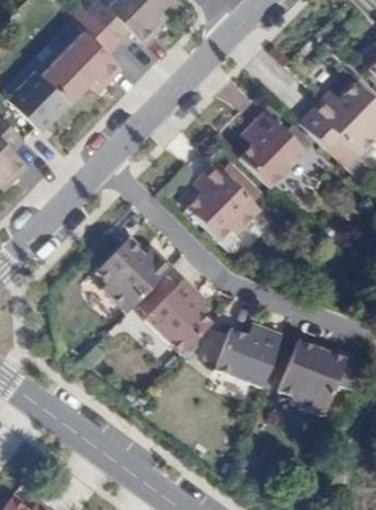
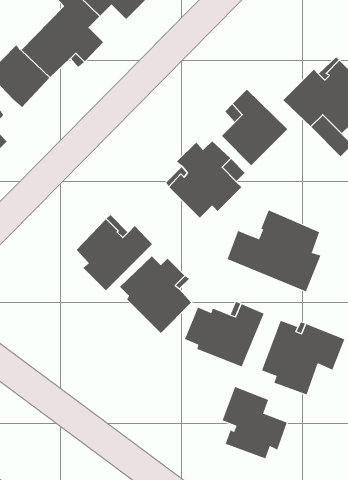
building: none -> [227,210,321,292]
building: none -> [222,386,287,459]

